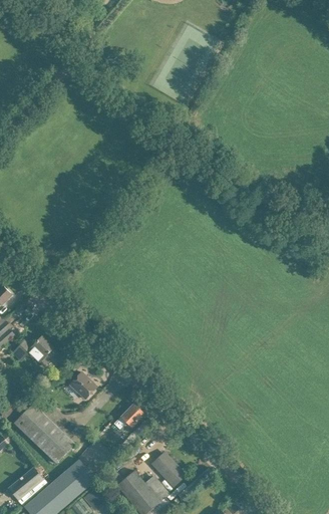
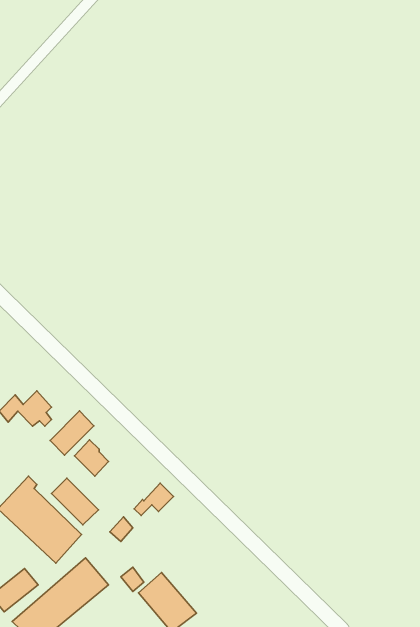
building: none -> [50,411,94,455]
building: none -> [51,478,98,525]
building: [151,452,188,489] -> none

